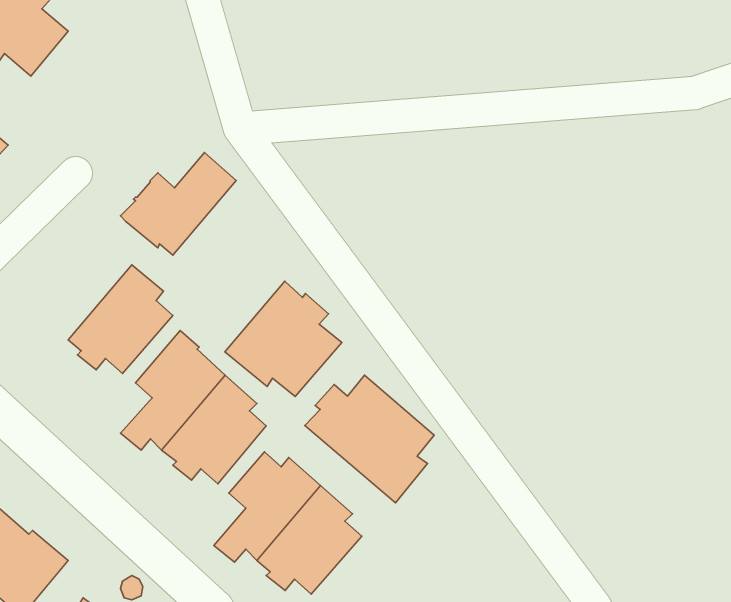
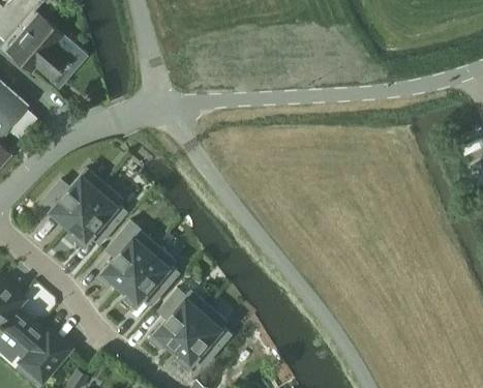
building: [120,152,236,255] -> [39,170,103,227]
building: [225,281,342,397] -> none
building: [305,375,434,503] -> none

